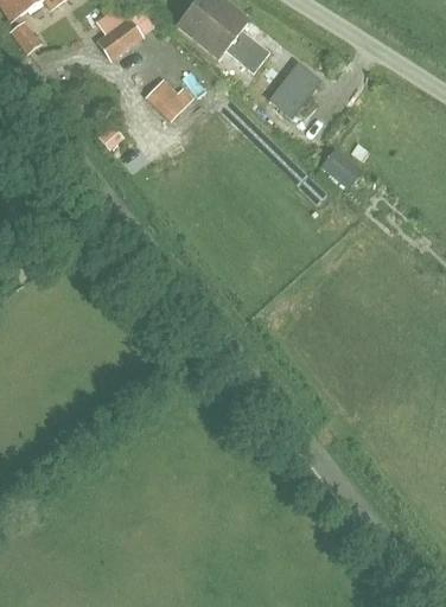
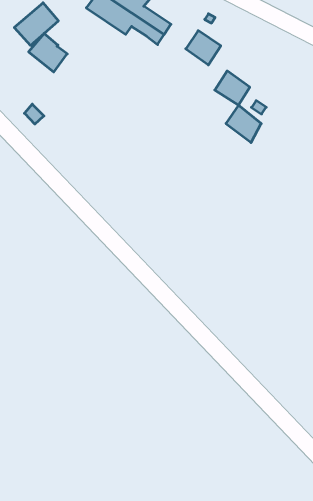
building: [144,78,186,122] -> [29,33,67,72]
building: [267,79,306,119] -> [215,71,250,105]

